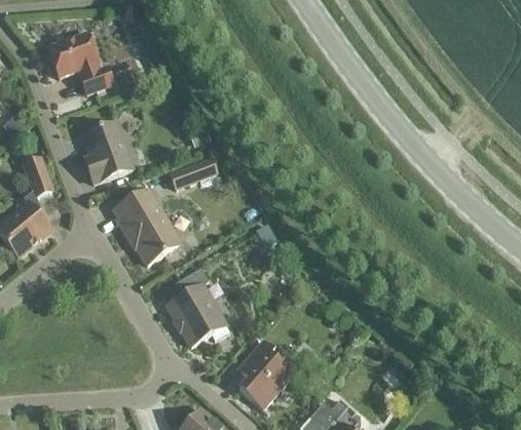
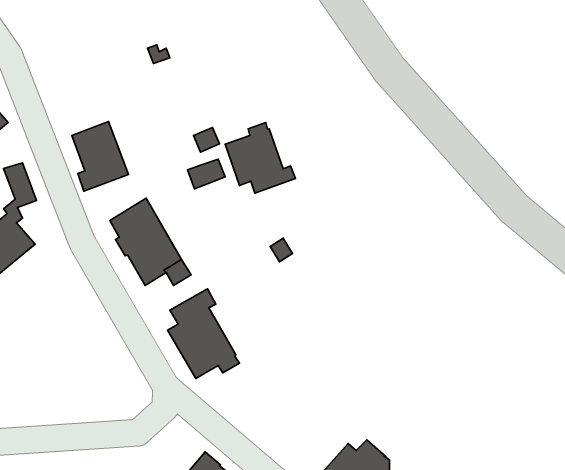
building: [47,33,113,93] -> none
building: none -> [225,123,295,193]
building: [239,340,297,408] -> none

